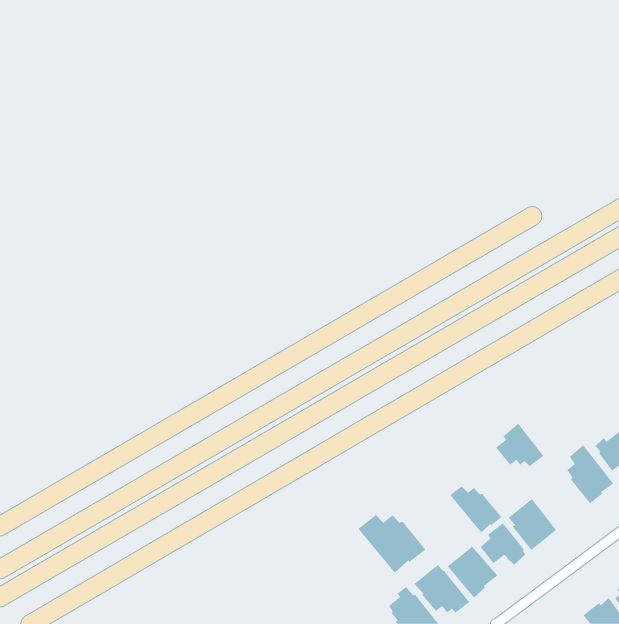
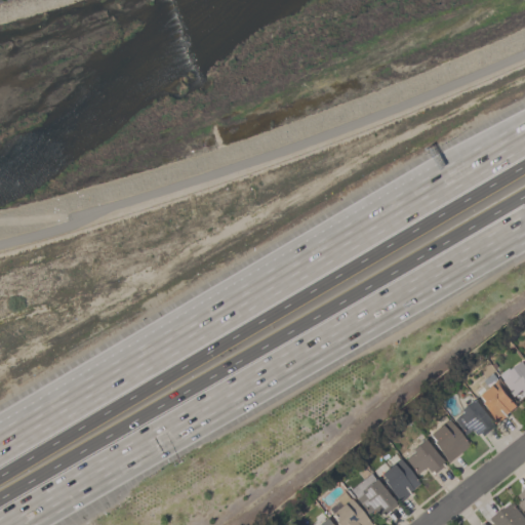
building: [495,423,544,467] -> [456,399,497,436]
building: [449,485,502,533] -> none
building: [357,514,426,574] -> none

